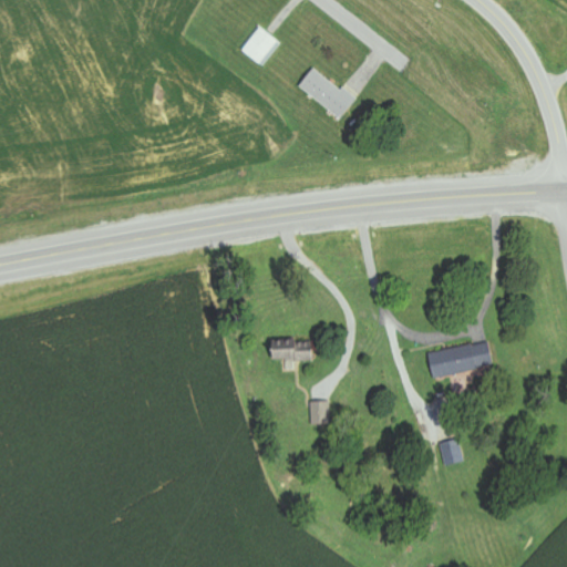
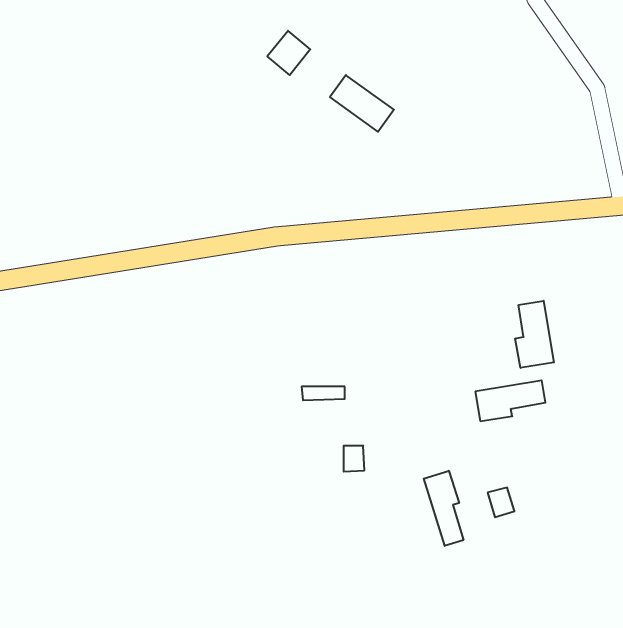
building: none -> [515,301,554,368]
building: none -> [424,471,463,546]

